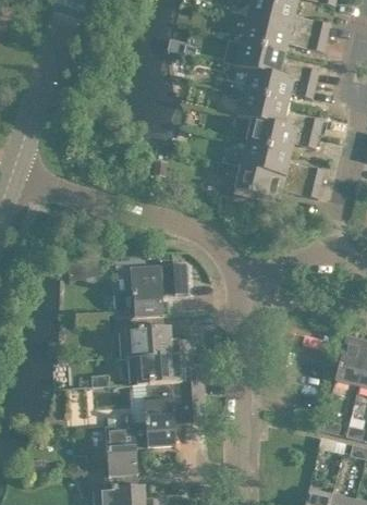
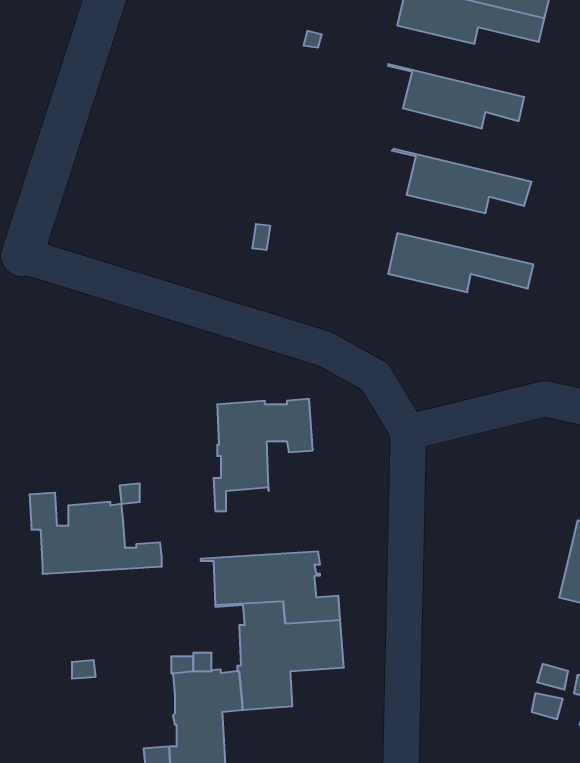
building: [233,42,317,85] -> none
building: [236,91,321,135] -> none
building: [238,143,322,184] -> none
building: [114,310,193,358] -> [29,493,162,574]

